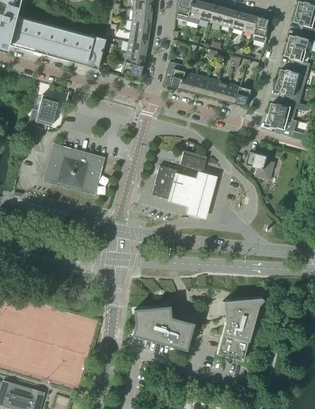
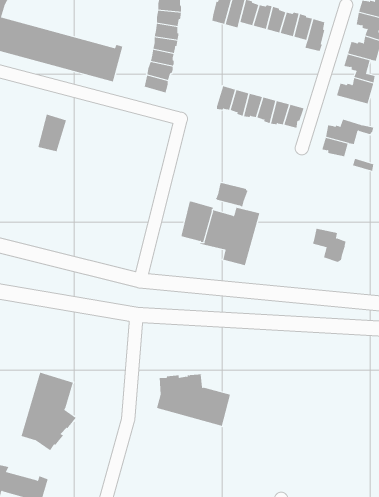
building: [165,61,188,88] -> none
building: [276,79,305,103] -> none
building: [45,145,103,193] -> none
building: [247,151,275,179] -> [312,228,347,262]
building: [216,298,262,361] -> none
building: none -> [21,372,77,451]

